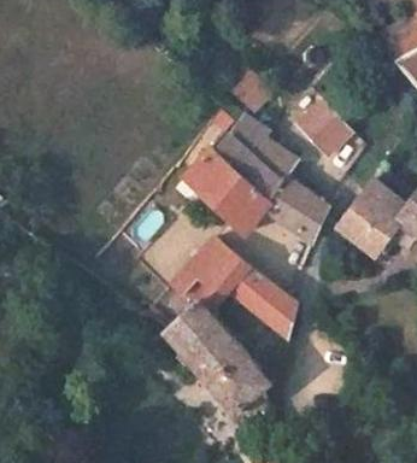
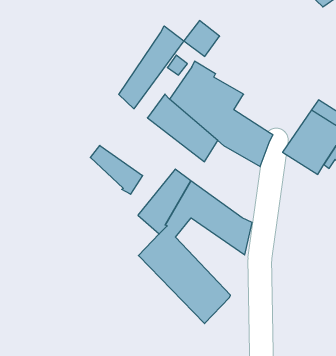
building: none -> [119,26,184,109]
building: [296,102,348,154] -> none
building: none -> [90,145,143,194]

